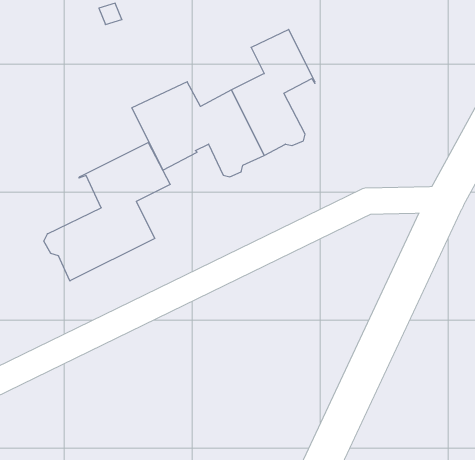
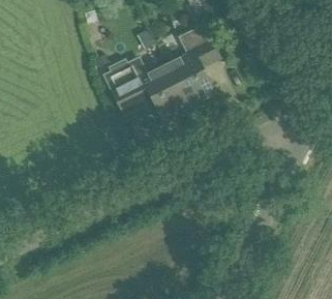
building: [44,143,170,281] -> none

